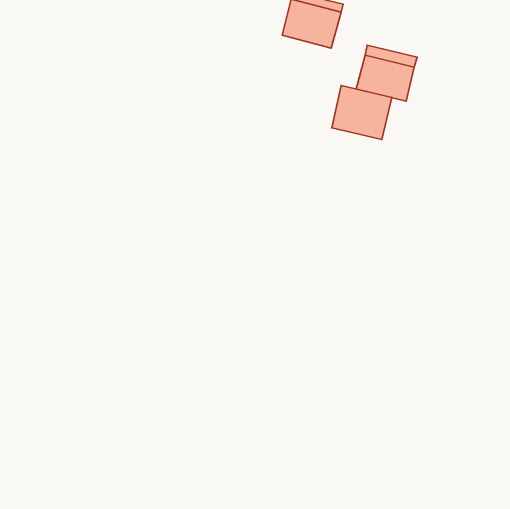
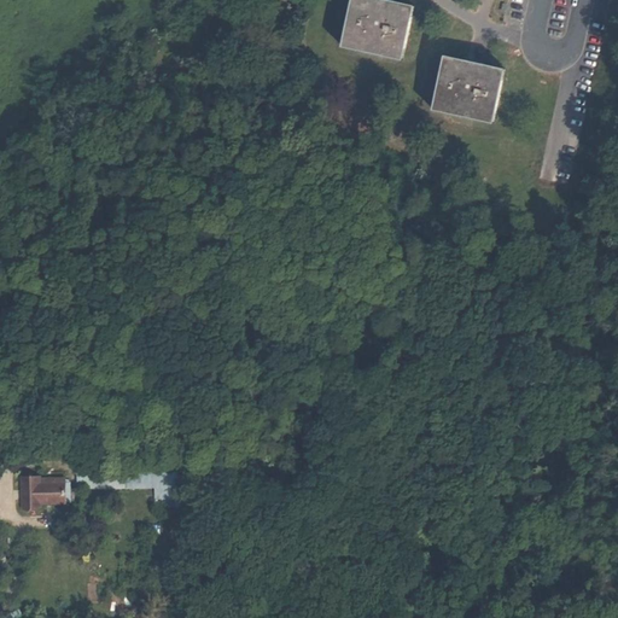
building: [332,85,392,140] -> none
building: none -> [22,478,64,505]

